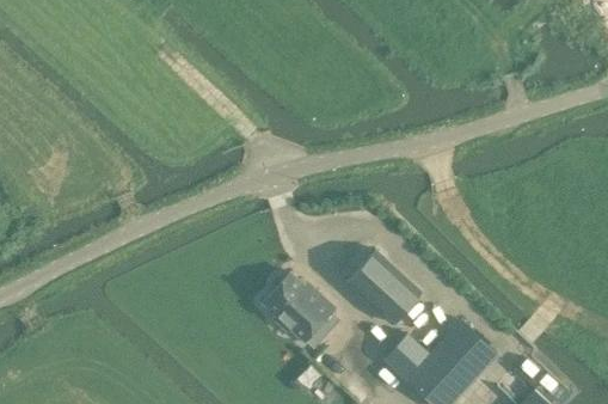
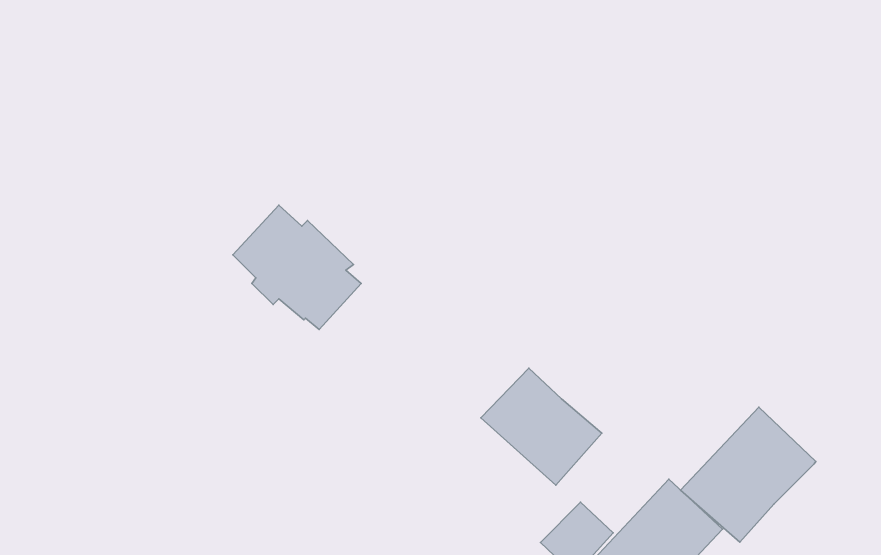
building: [260,271,340,349] -> [233,205,361,330]
building: none -> [681,407,816,542]

